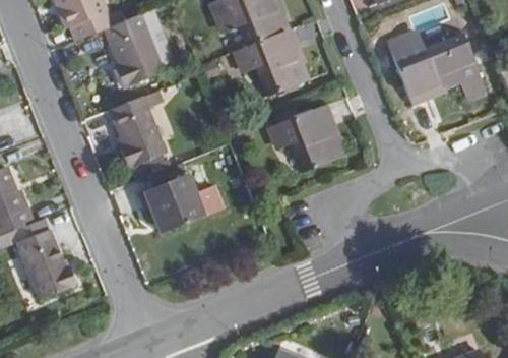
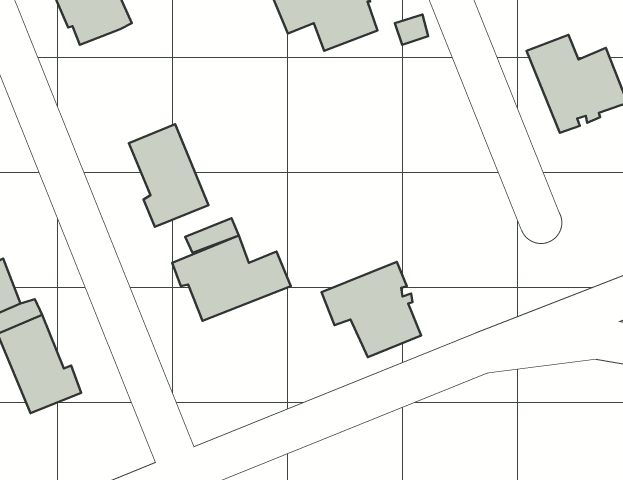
building: [104,13,164,87] -> none
building: [233,29,303,95] -> none
building: [270,104,340,171] -> [322,262,421,357]

